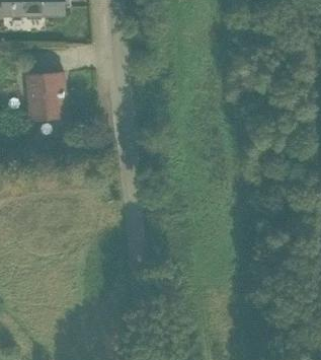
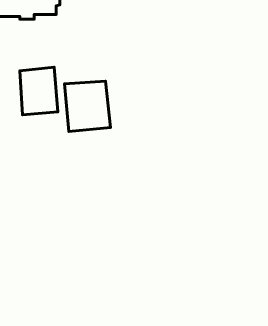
building: none -> [65,81,111,131]

